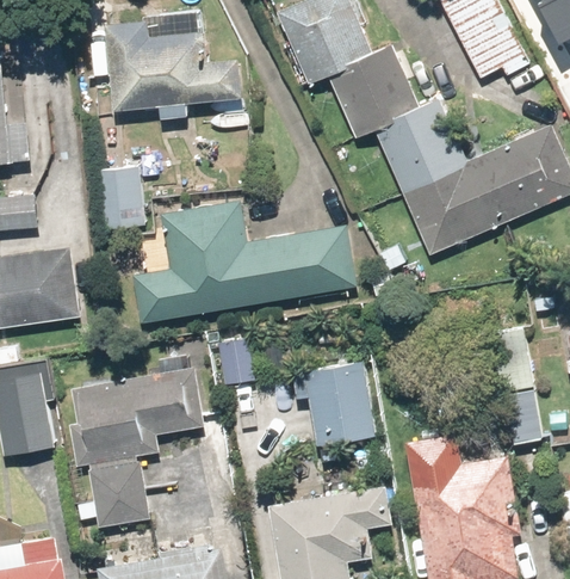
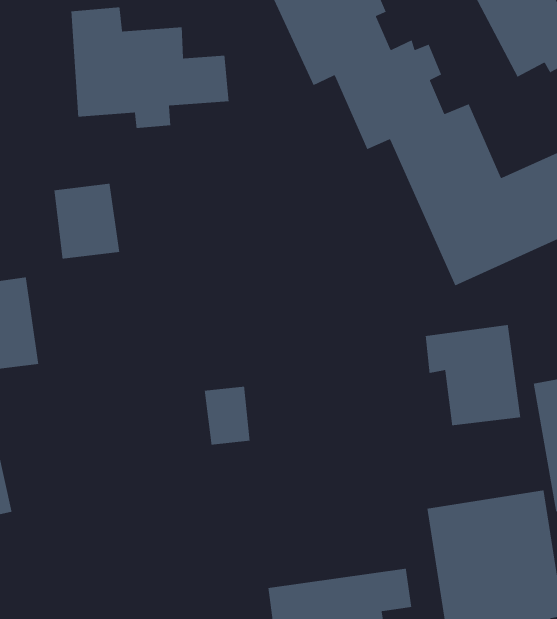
building: [131,201,354,322] -> none
building: [292,359,373,445] -> [425,324,521,426]
building: [73,368,205,526] -> none

